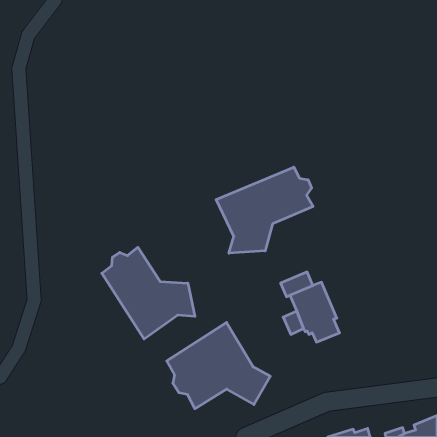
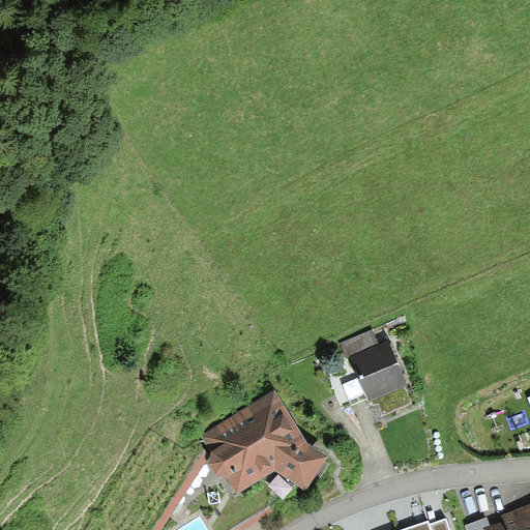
building: [216,167,313,253] -> none
building: [102,247,195,339] -> none

